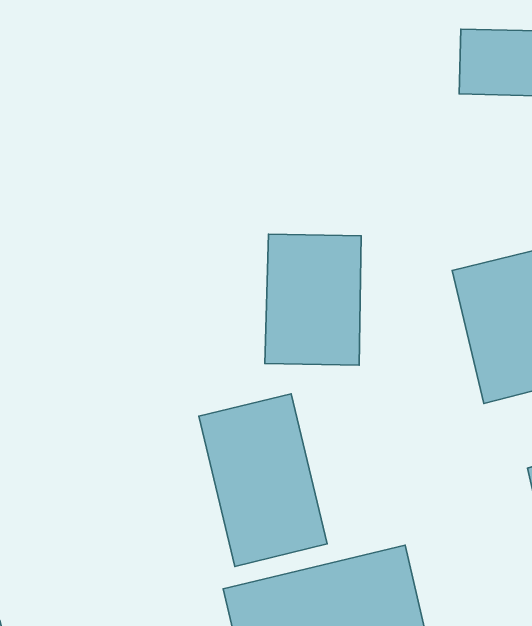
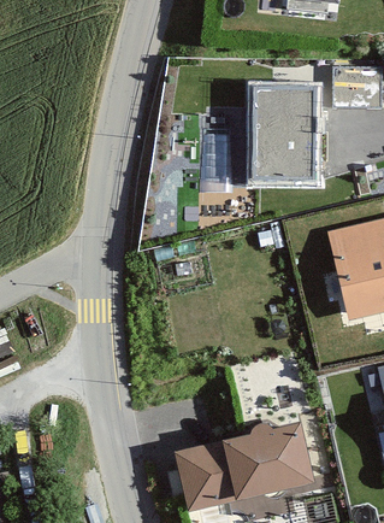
building: [265,234,361,365] -> [246,92,312,182]
building: [199,394,327,566] -> none

